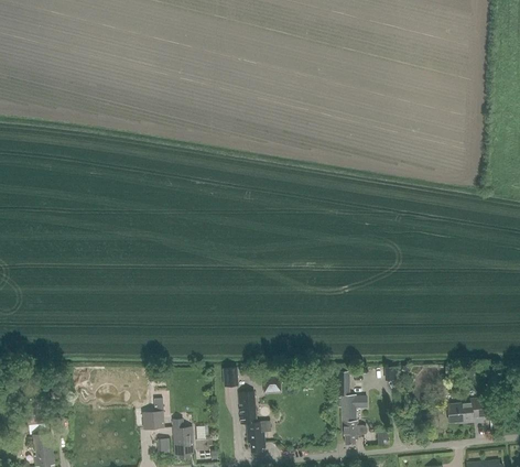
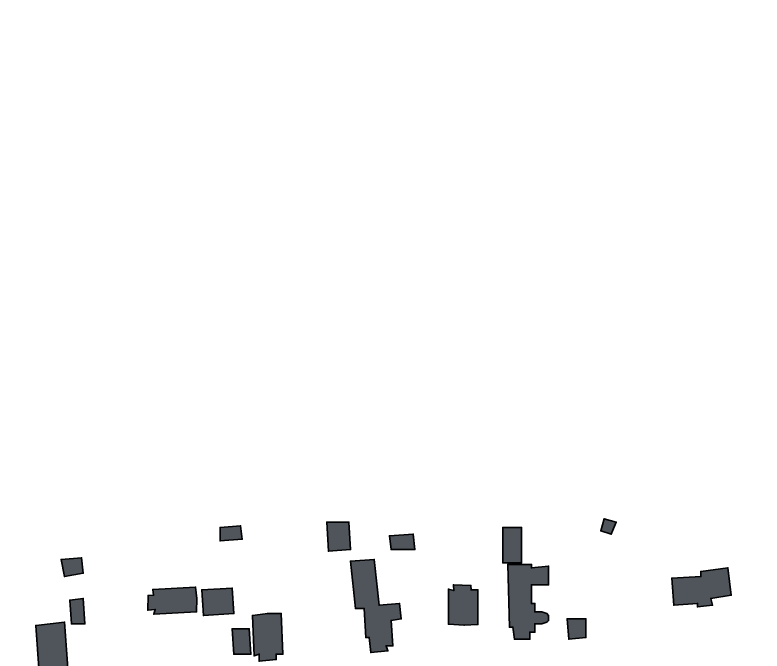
building: none -> [448,585,478,625]
building: none -> [148,587,197,614]

